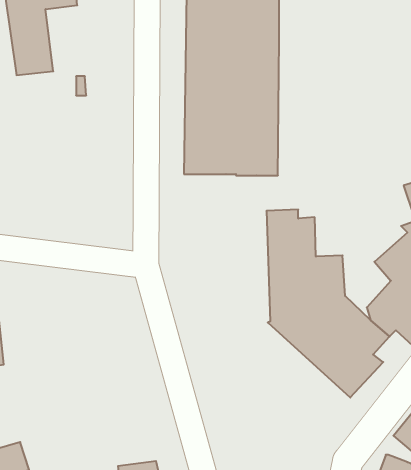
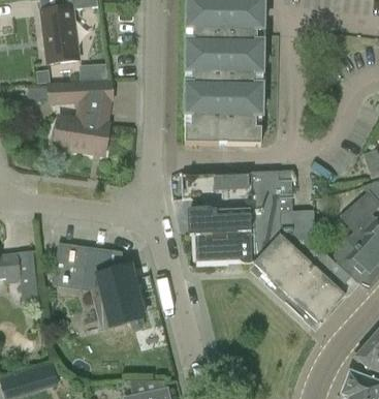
building: none -> [49,81,113,154]
building: none -> [189,172,254,265]
building: none -> [53,242,144,328]

